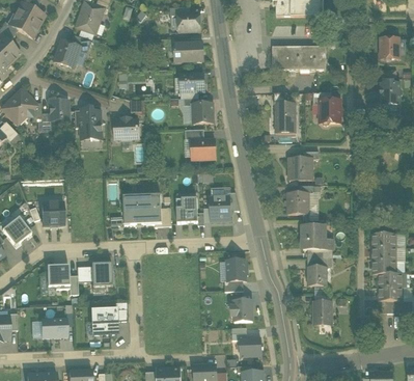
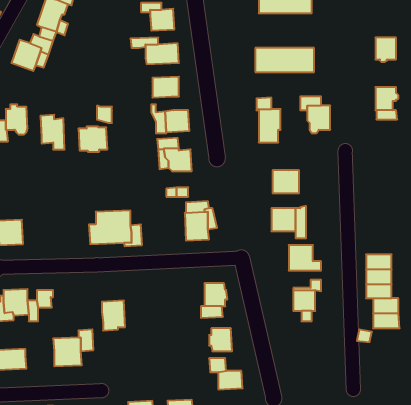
building: [176,197,198,222] -> none
building: [91,262,112,289] -> [102,301,125,331]
building: [313,301,332,324] -> none

